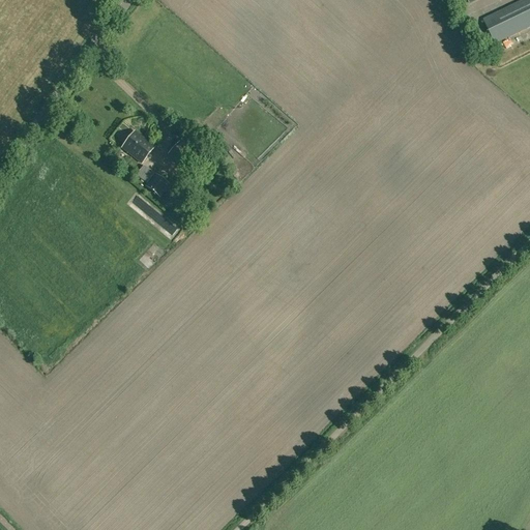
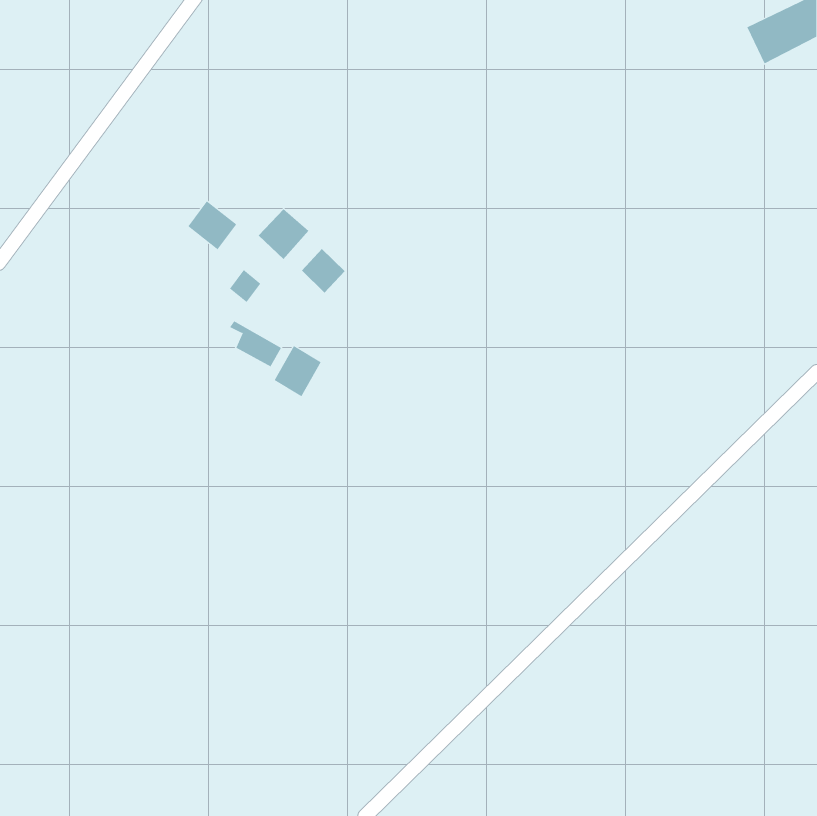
building: none -> [301,248,345,293]
building: none -> [274,345,322,397]

